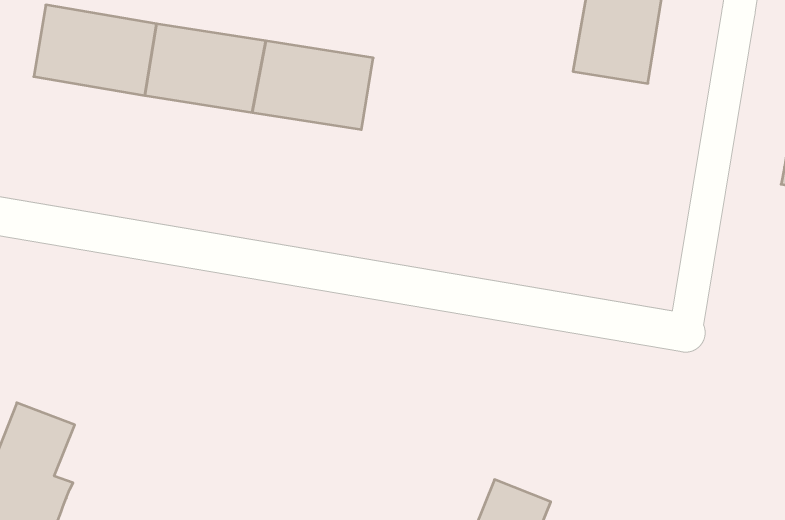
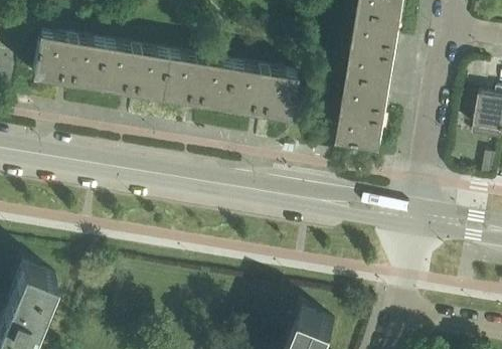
building: none -> [221,64,293,118]
building: none -> [336,72,390,143]

